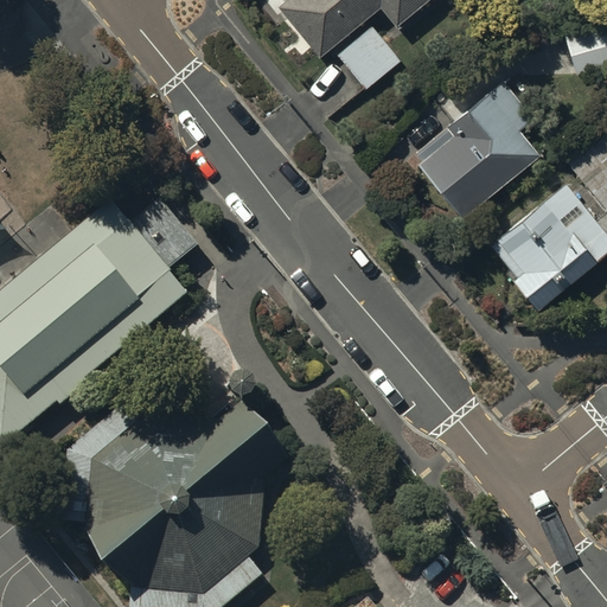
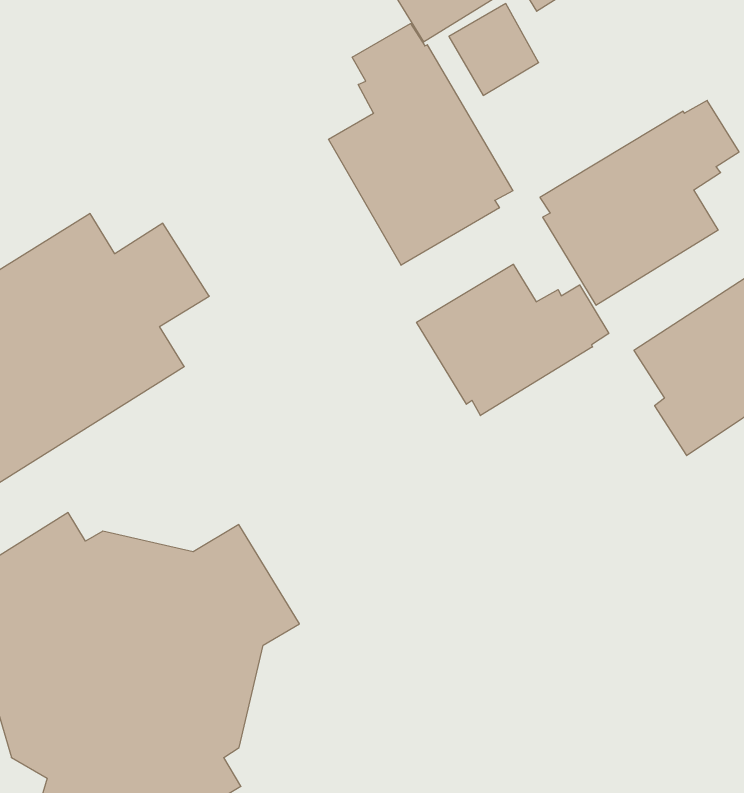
building: none -> [329,24,513,265]
building: none -> [417,264,609,416]

